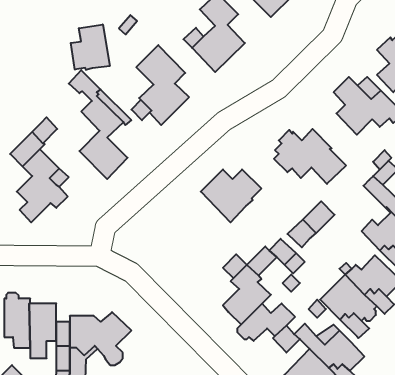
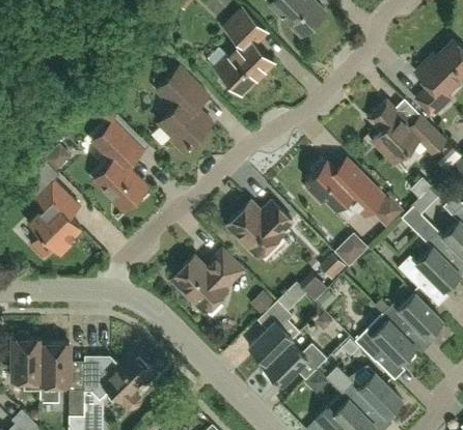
building: [71,24,110,70] -> none
building: none -> [374,197,408,230]
building: none -> [172,249,243,311]

